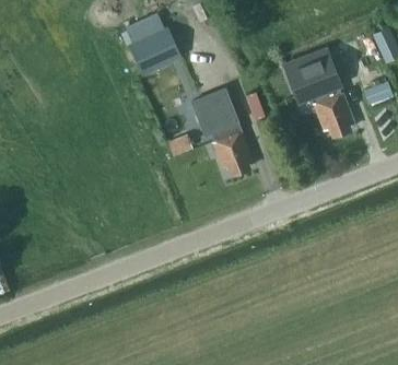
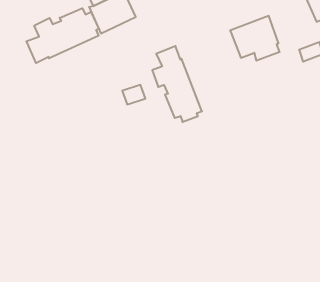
building: none -> [26,8,99,63]
building: [314,94,353,136] -> none

